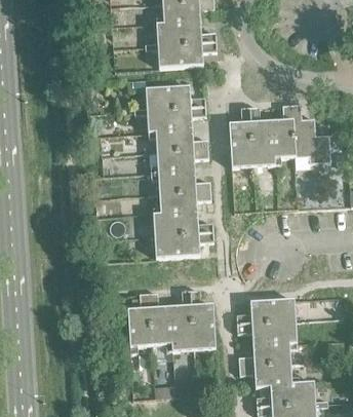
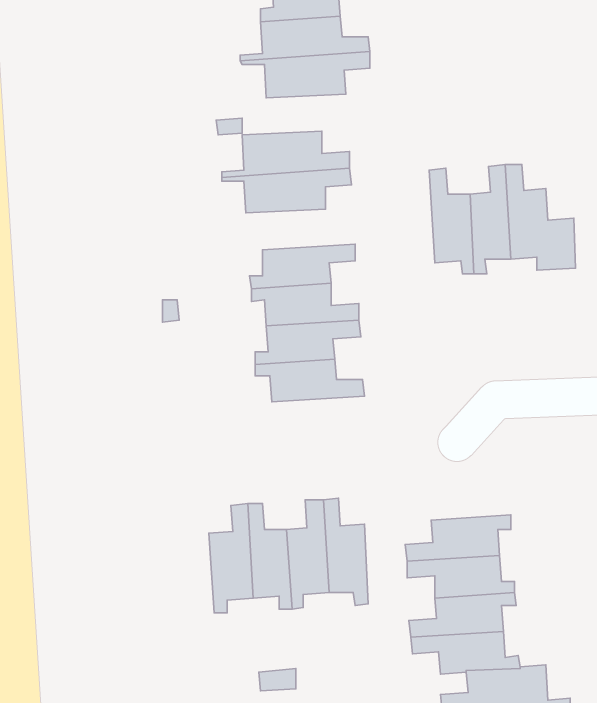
building: [229,108,252,167] -> none
building: [148,129,208,152] -> none
building: [155,233,213,258] -> none

